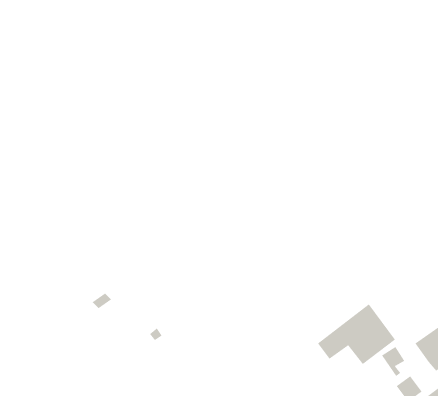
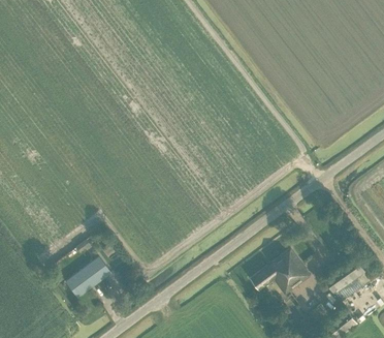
building: none -> [65,256,111,299]

